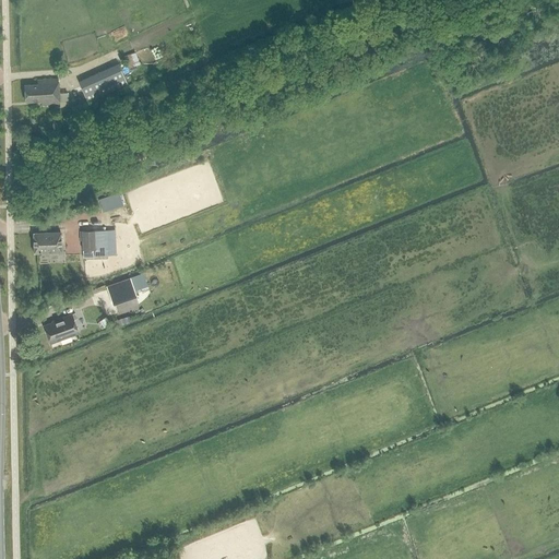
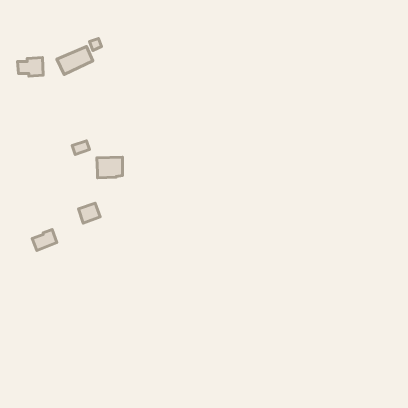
building: [82,229,117,258] -> [97,157,122,178]
building: [33,231,61,252] -> none

